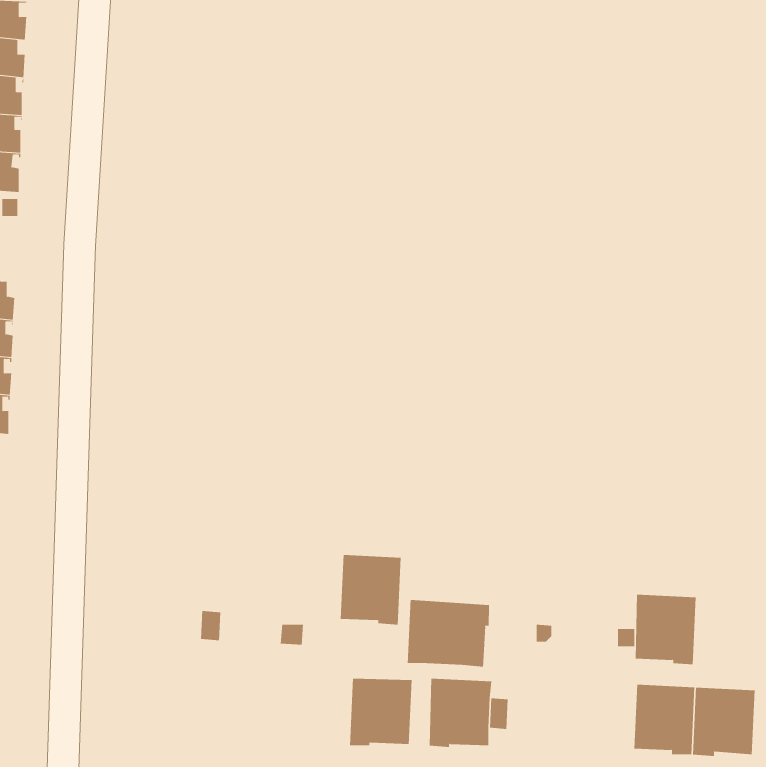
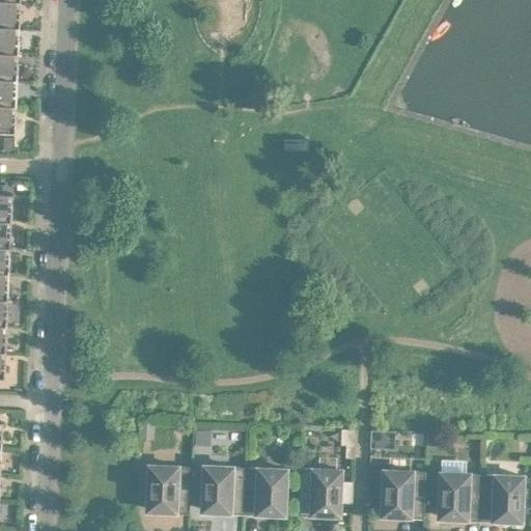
building: [340,554,401,625] -> [200,467,243,515]
building: [635,594,696,665] -> [381,471,423,520]
building: [407,599,490,667] -> none
building: none -> [145,466,189,514]

